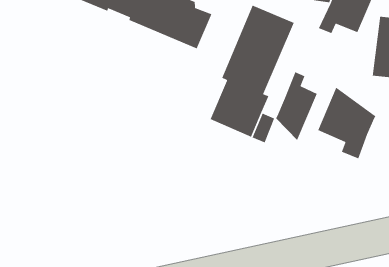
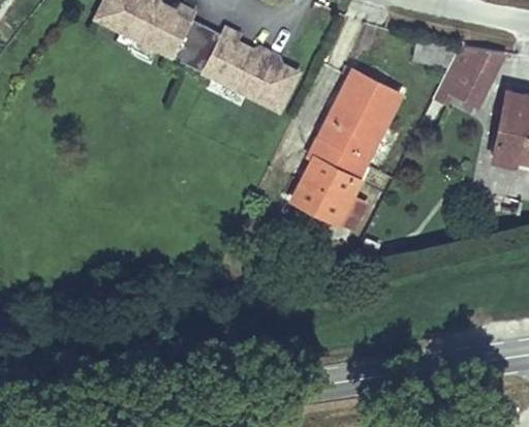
building: [275,71,318,141] -> none
building: [317,87,377,160] -> none

